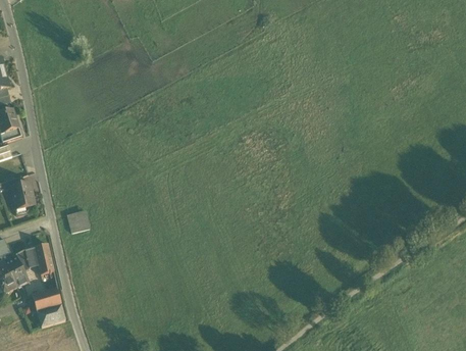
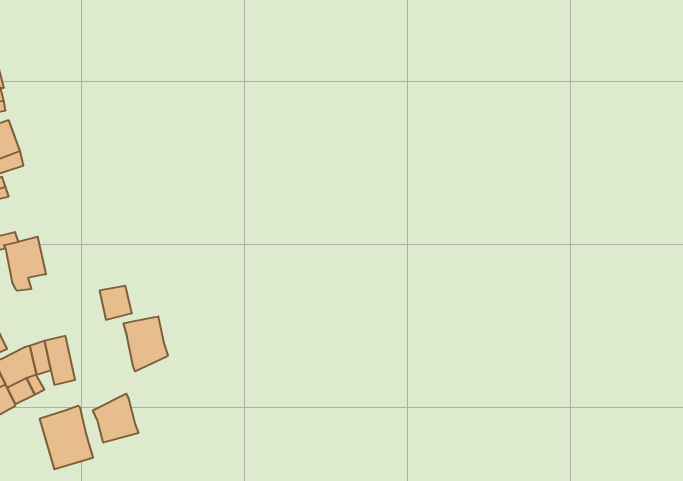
building: none -> [124,316,168,371]
building: none -> [93,394,138,443]

